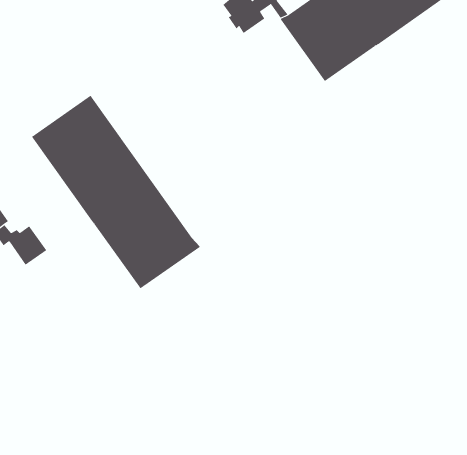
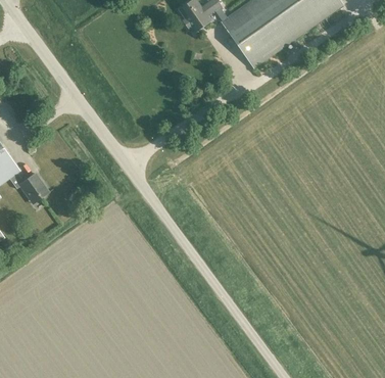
building: [31,95,200,289] -> none

